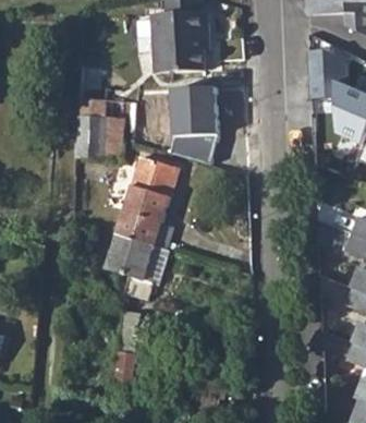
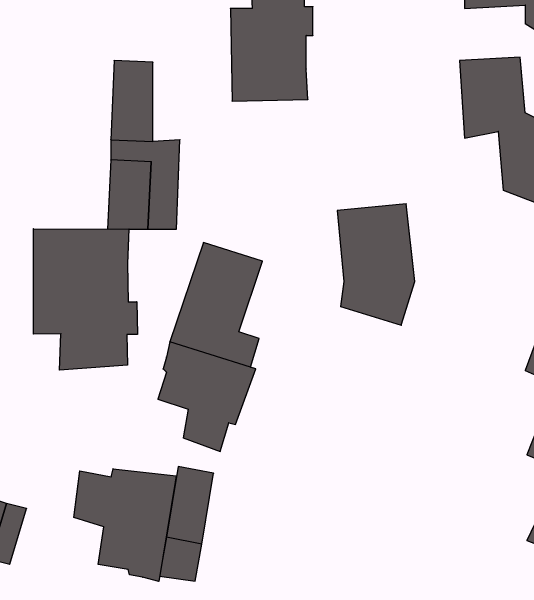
building: [164,84,215,162] -> [337,204,415,325]
building: none -> [33,229,137,370]
building: none -> [74,469,176,581]

